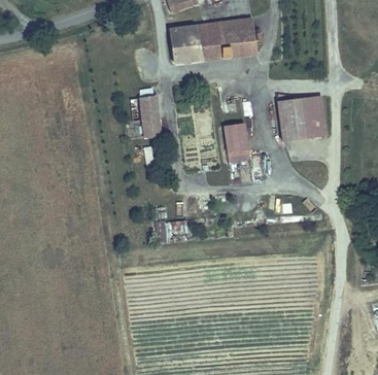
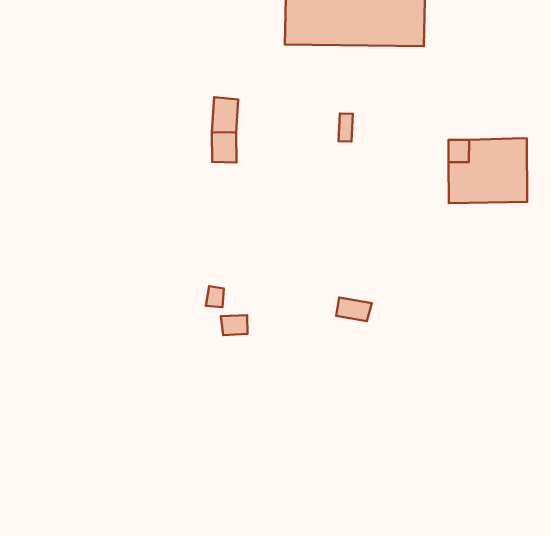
building: [225,125,253,164] -> none

